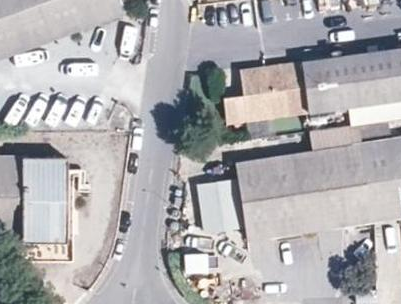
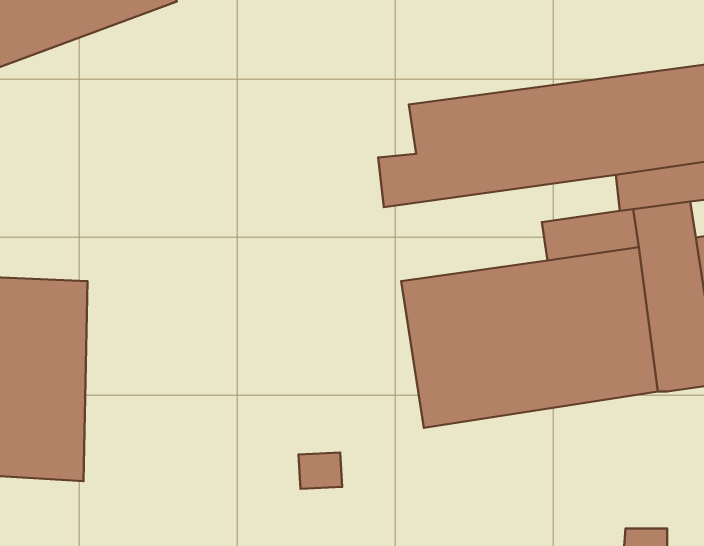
building: [194,179,238,233] -> none

